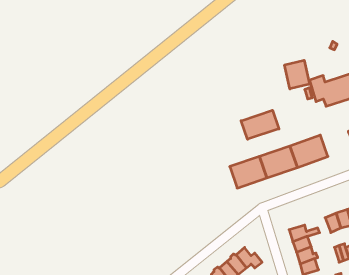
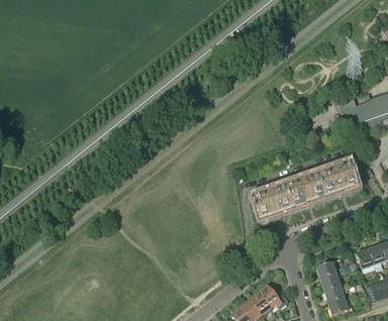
building: [285,60,309,89] -> none
building: [241,110,279,139] -> none

